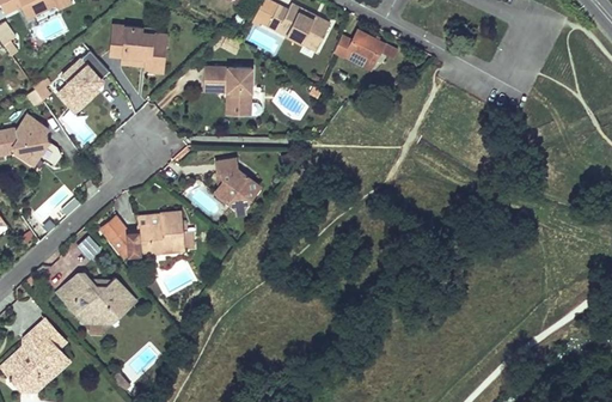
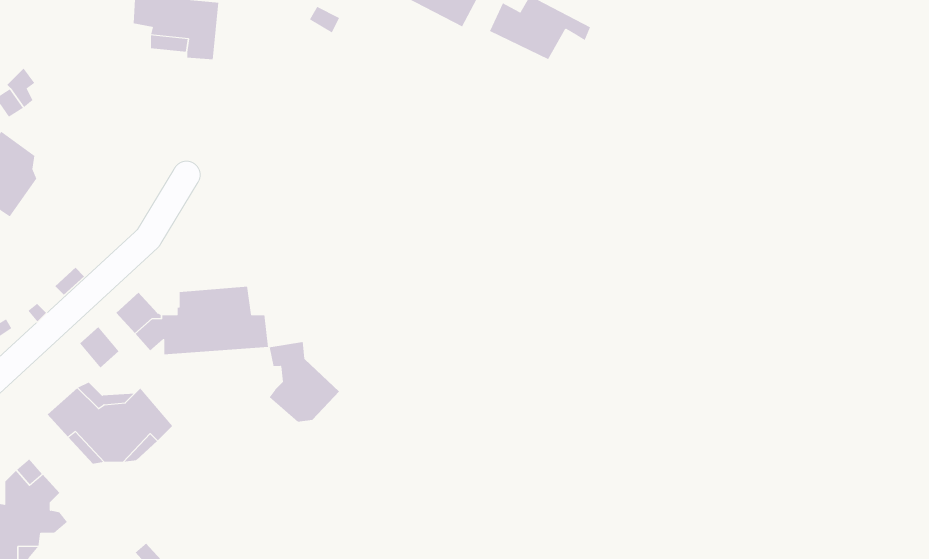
building: [57,54,110,114] -> none
building: [203,67,250,114] -> none
building: [215,157,259,207] -> [269,342,340,422]

